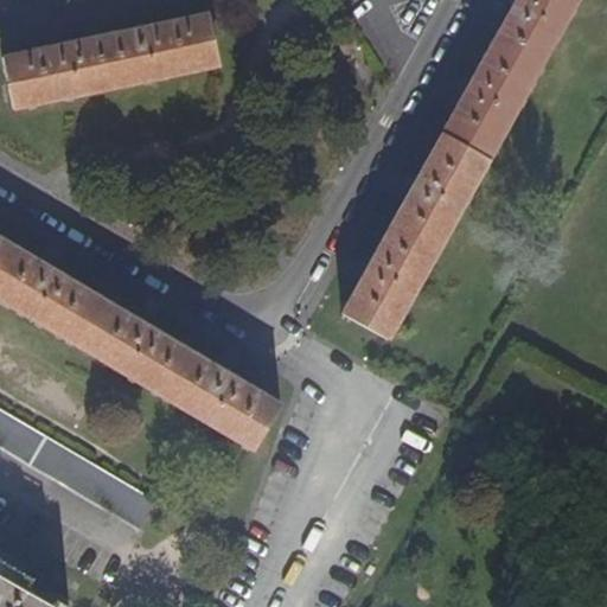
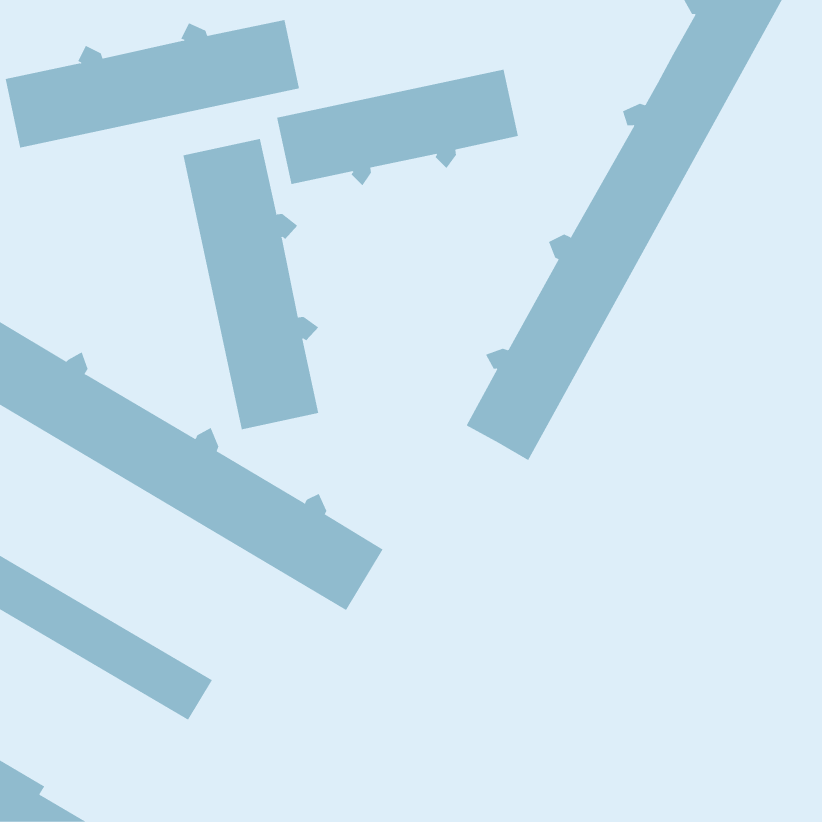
building: none -> [277,69,519,186]
building: none -> [183,138,319,430]

